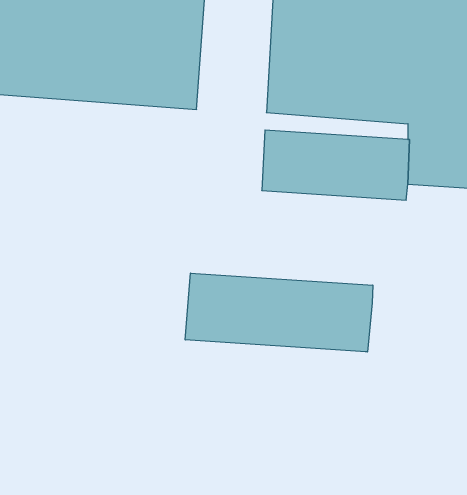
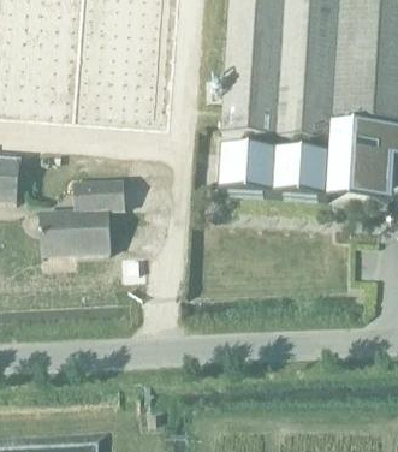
building: none -> [40,178,124,252]
building: [185,273,373,352] -> none

